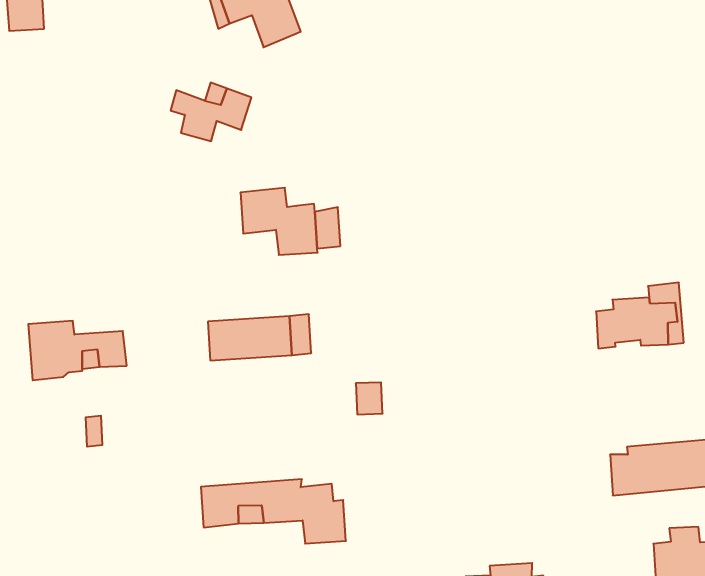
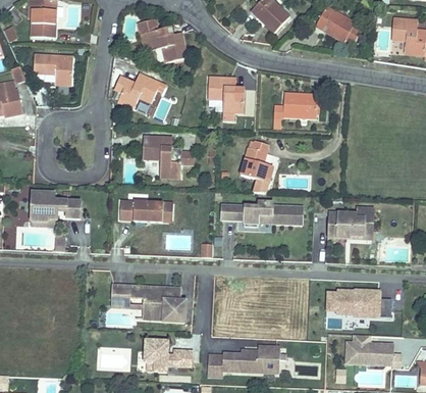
building: none -> [35,55,72,86]
building: none -> [209,78,246,112]
building: none -> [274,93,317,118]
building: none -> [237,138,272,189]
building: none -> [222,202,305,228]

